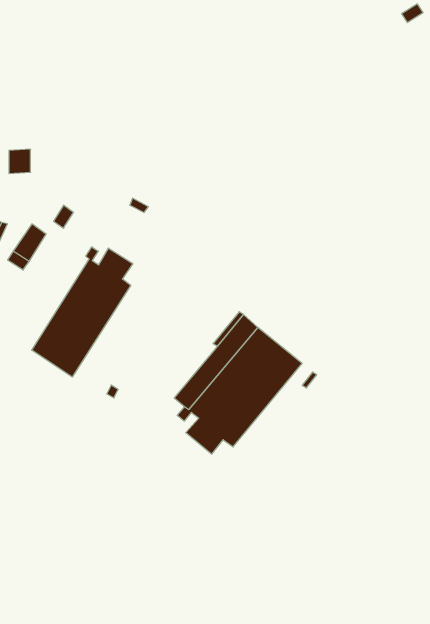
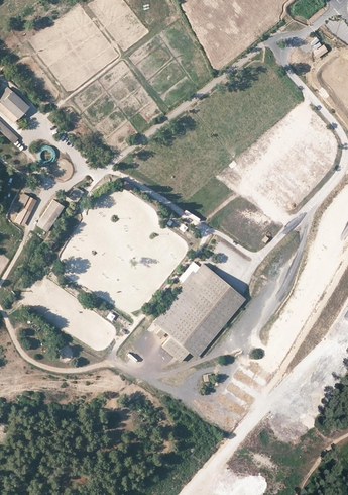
building: [32,247,133,377] -> none

